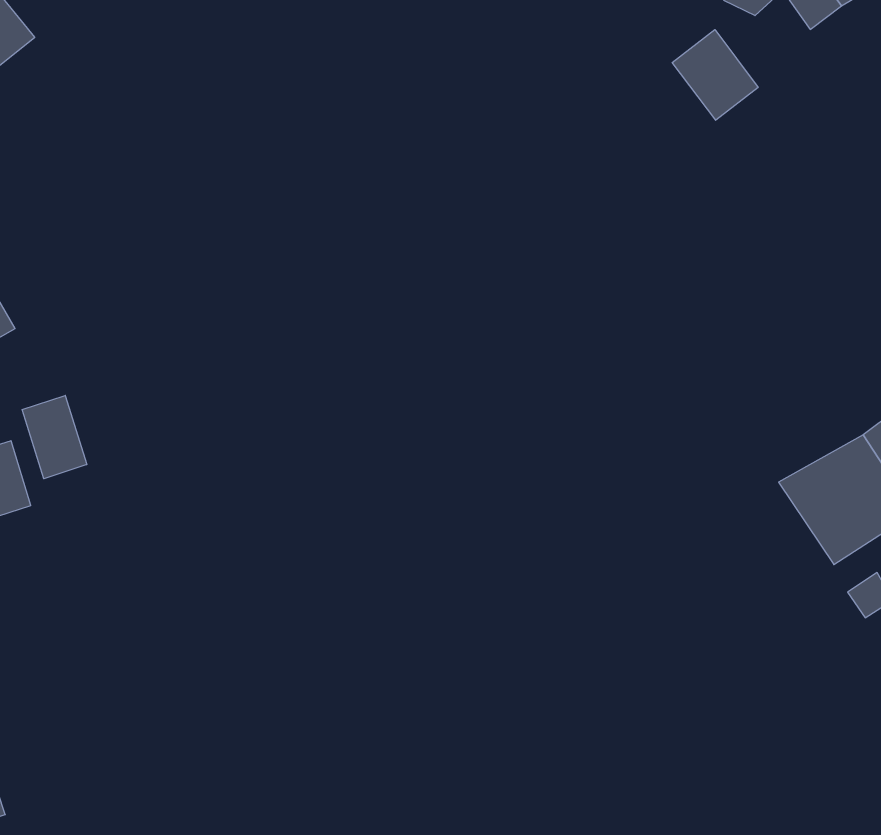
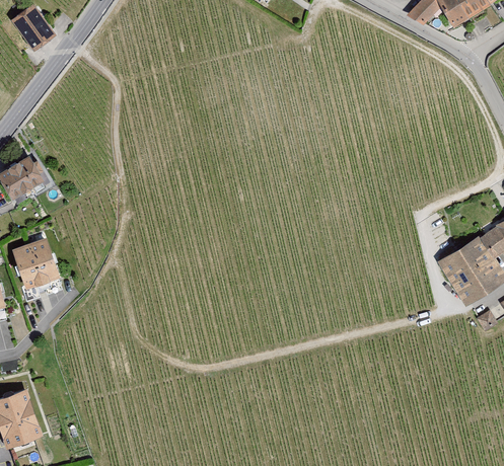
building: [672,30,758,120] -> none
building: [22,395,87,479] -> none

